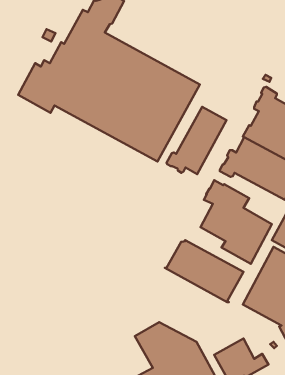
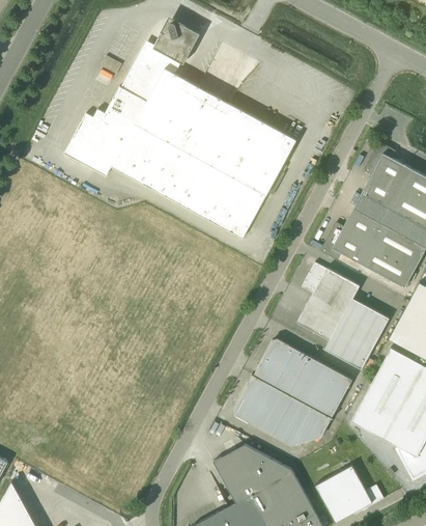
building: [166,107,227,174] -> none
building: none -> [235,375,332,446]

